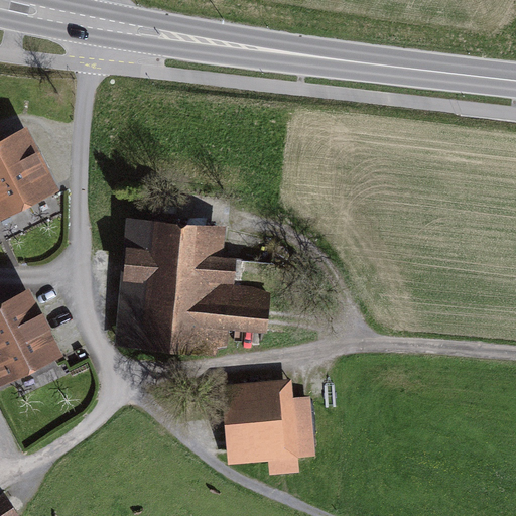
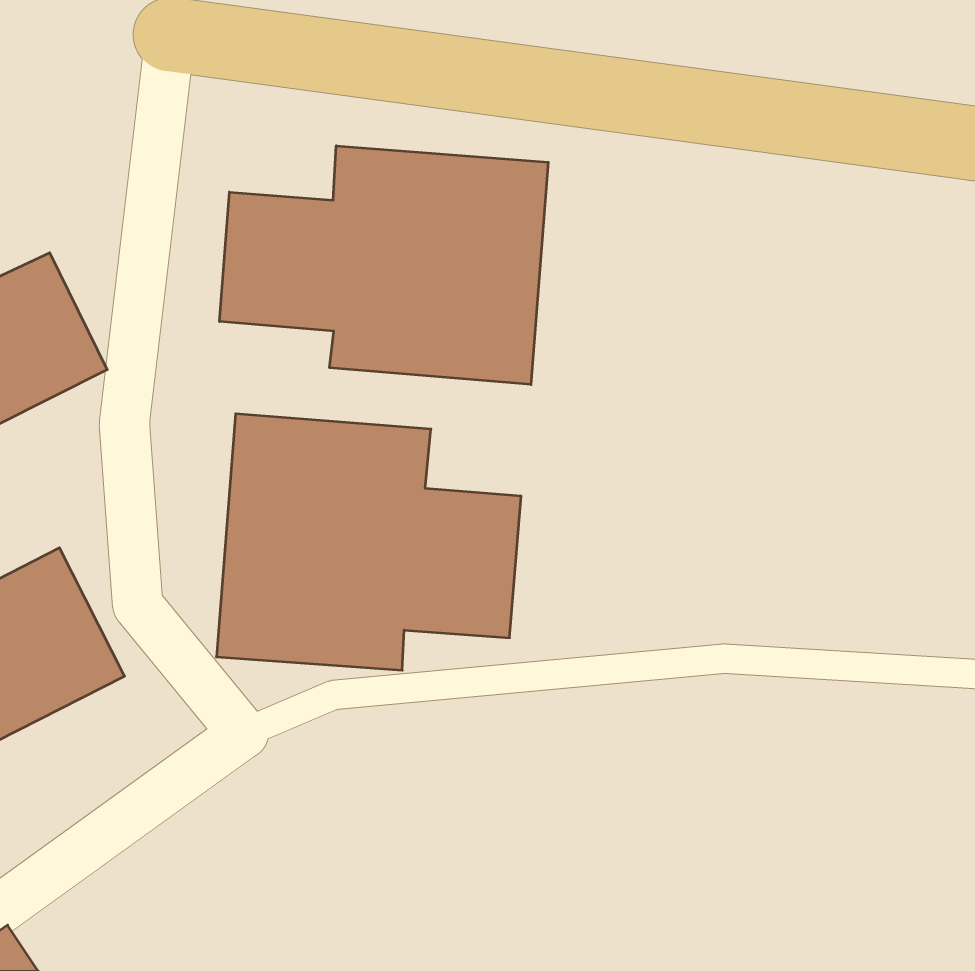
building: none -> [220,146,548,385]
building: [219,378,307,476] -> none

